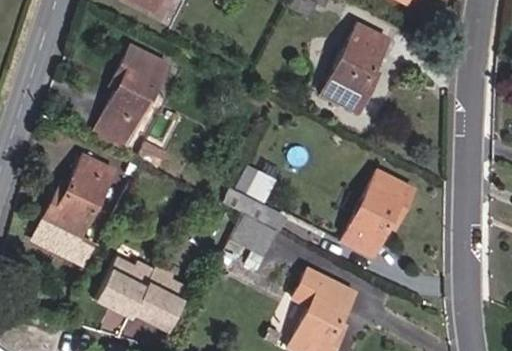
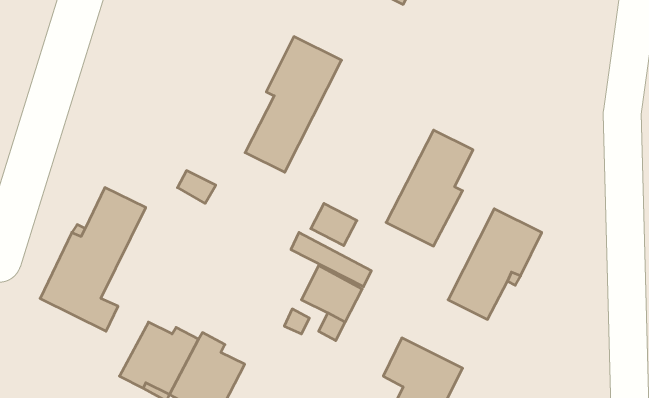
building: [323,25,389,113] -> [386,130,473,246]
building: [95,47,168,150] -> [245,37,342,172]

